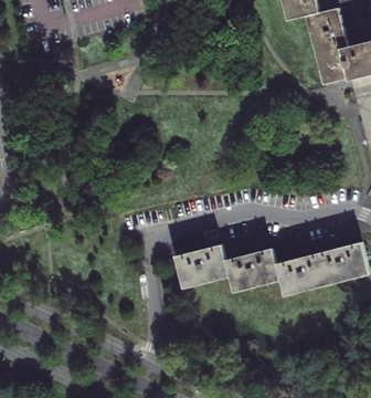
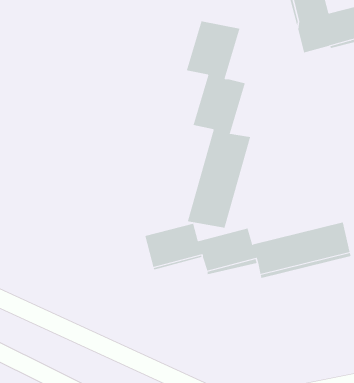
building: none -> [186,21,251,228]

